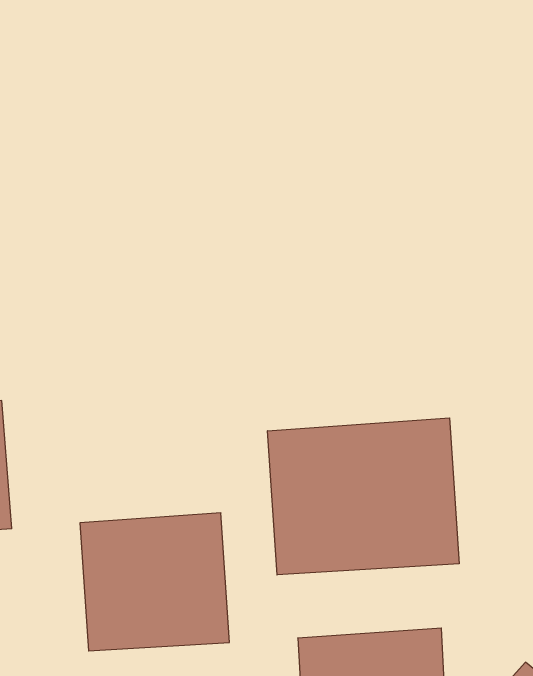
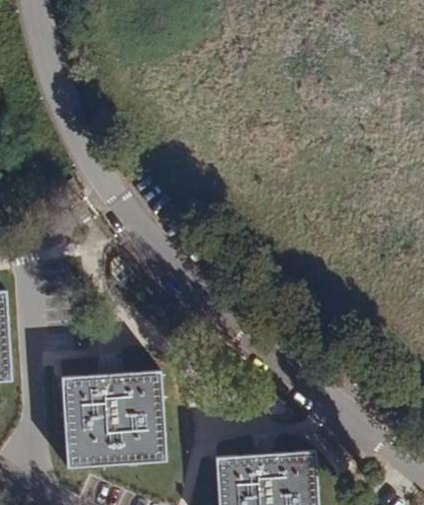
building: [268,418,459,575] -> none

